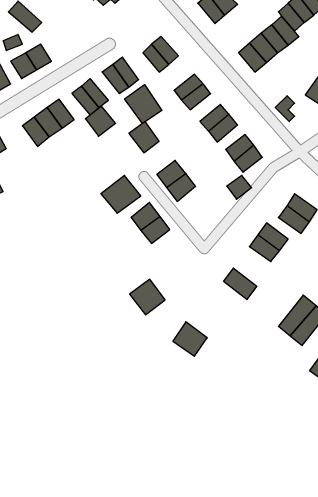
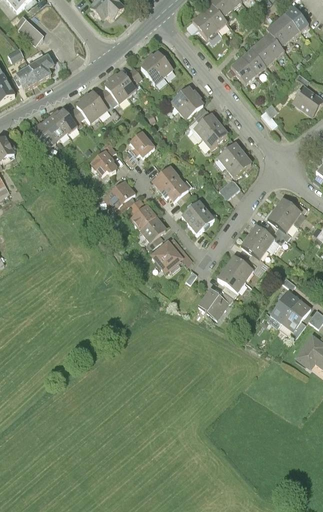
building: [125,85,162,123] -> none
building: [85,106,116,136] -> [90,150,118,178]
building: none -> [180,199,215,233]
building: none -> [224,254,255,282]
building: [130,279,165,315] -> [149,239,182,272]
building: [173,322,207,356] -> [197,287,229,319]

